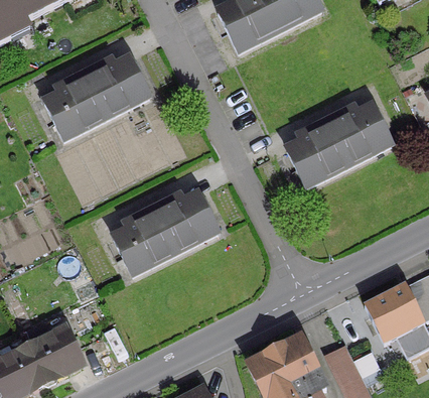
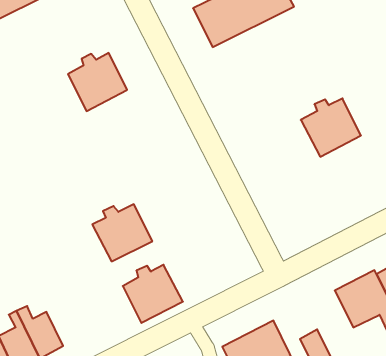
building: [43,80,106,139] -> none
building: [286,127,348,186] -> none
building: [155,192,218,253] -> [123,265,183,323]

